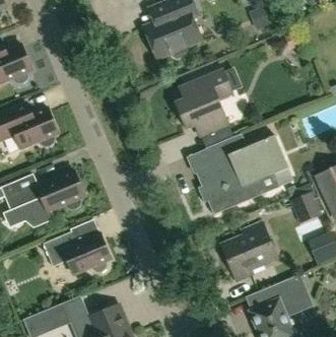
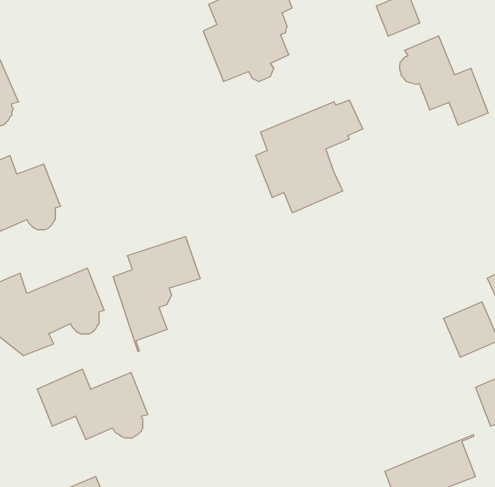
building: none -> [400,36,488,125]
building: [194,134,288,213] -> none
building: none -> [113,237,200,352]
building: [223,220,277,280] -> none

